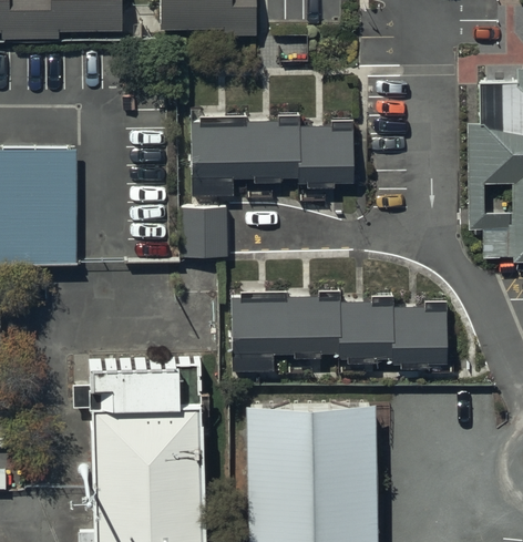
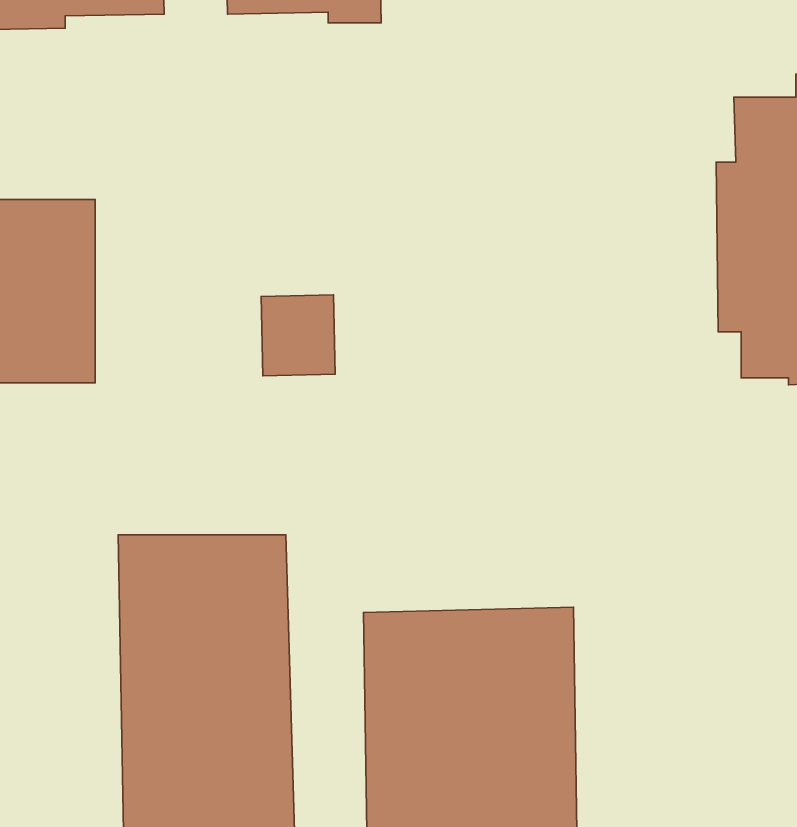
building: [192,114,355,194] -> none
building: [235,300,452,374] -> none

